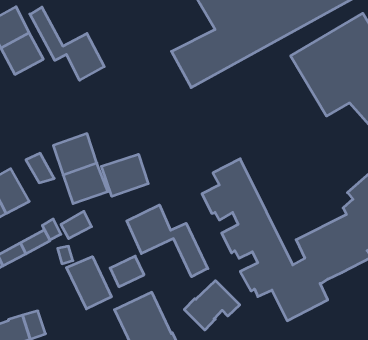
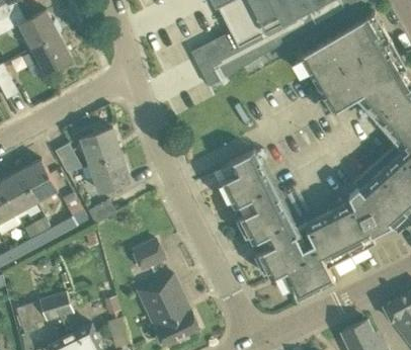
building: [30,7,104,80] -> none
building: [101,154,148,196] -> none
building: [127,205,208,277] -> none
building: [66,257,111,309] -> none
building: [184,281,240,330] -> none

